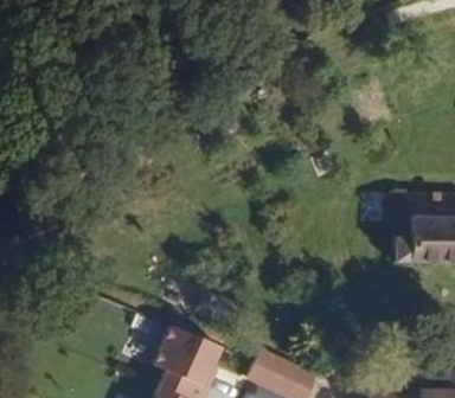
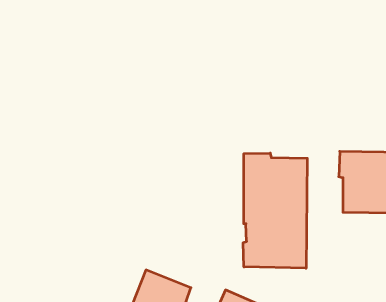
building: none -> [243,153,307,268]

